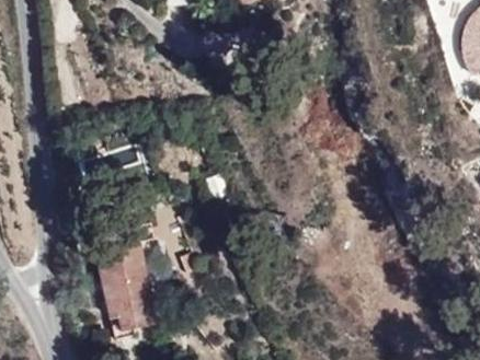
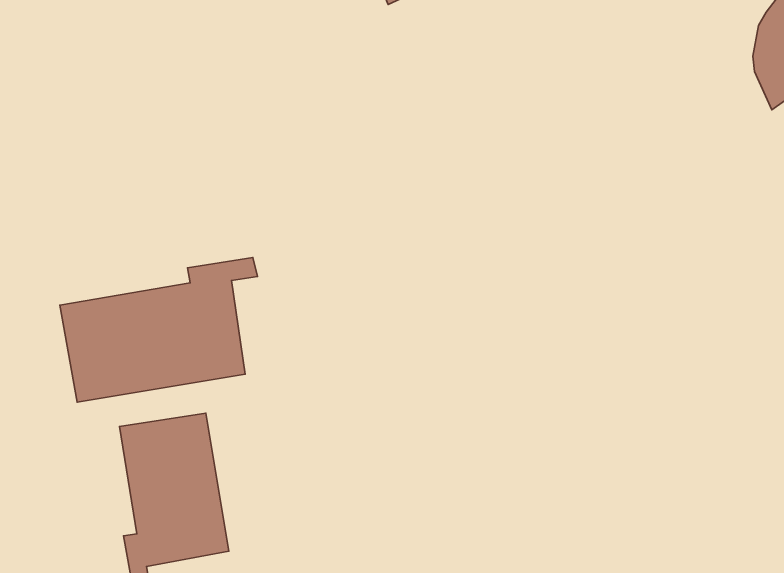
building: none -> [60,258,257,402]

